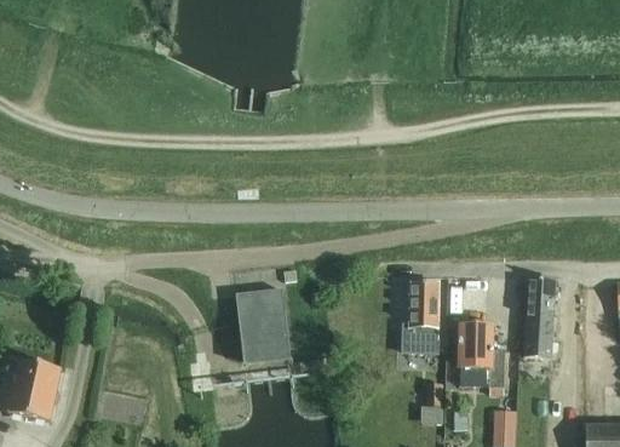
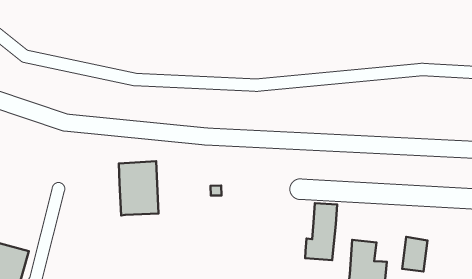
building: [526,277,555,319] -> none
building: [235,288,288,359] -> [119,161,158,216]

